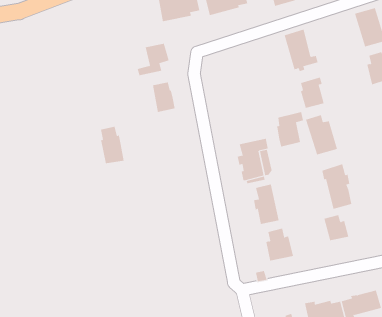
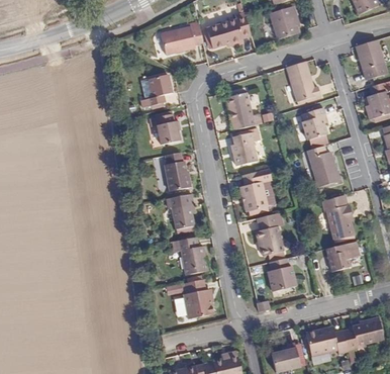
building: none -> [226,92,261,130]
building: [275,111,304,147] -> [231,130,260,166]
building: [100,126,125,164] -> [165,152,189,189]
building: none -> [167,194,194,227]
building: none -> [173,237,205,274]
building: none -> [187,279,213,318]

